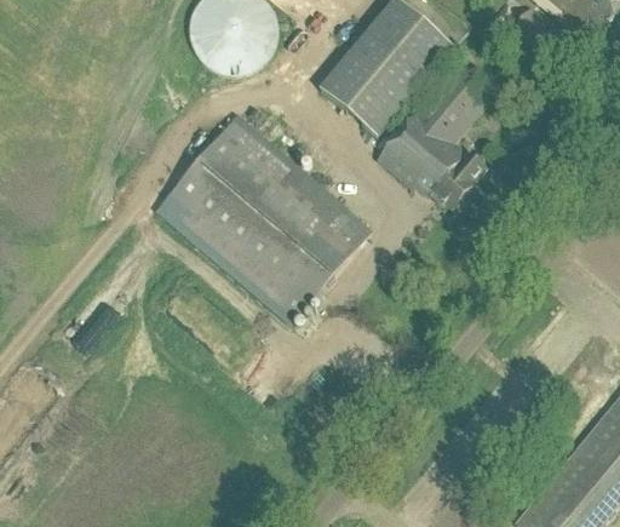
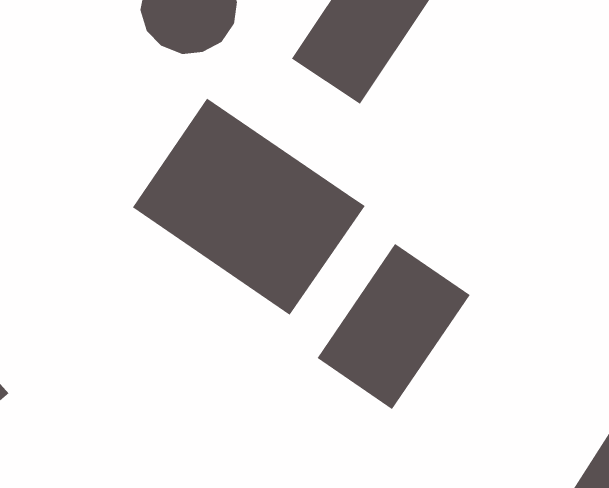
building: [375,62,495,208] -> none
building: none -> [316,243,471,410]

